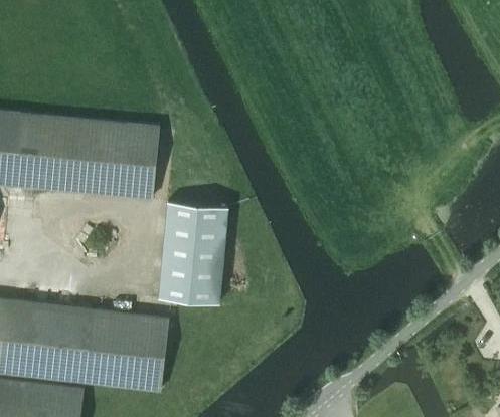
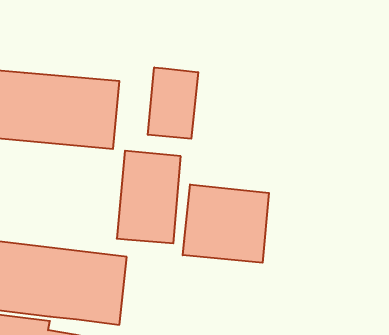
building: none -> [148,67,198,139]
building: none -> [183,184,269,263]

